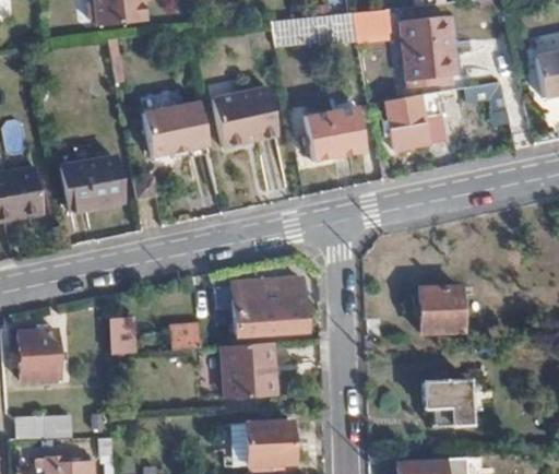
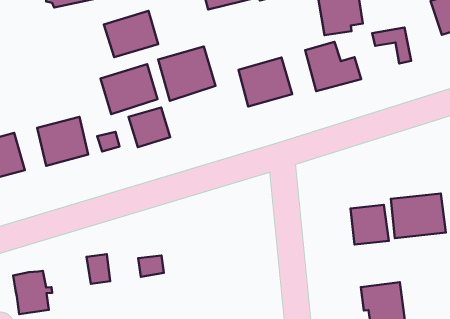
building: none -> [104,11,158,57]
building: none -> [128,108,170,147]
building: [229,279,301,333] -> none
building: none -> [391,193,446,238]
building: [222,343,275,398] -> none

